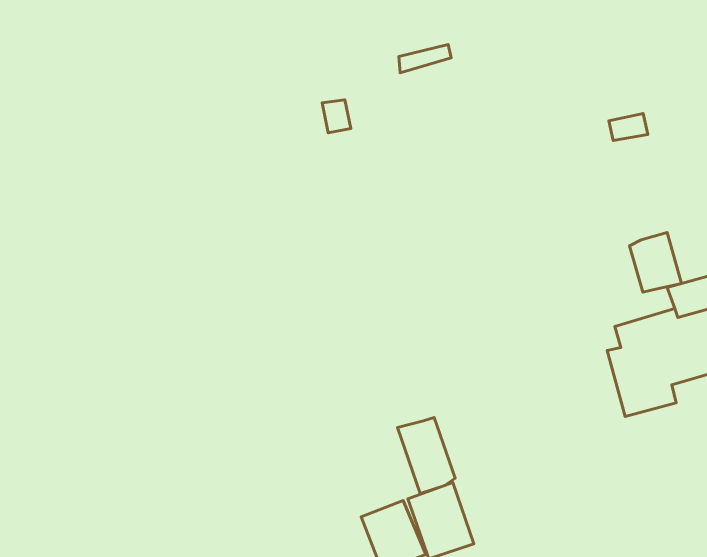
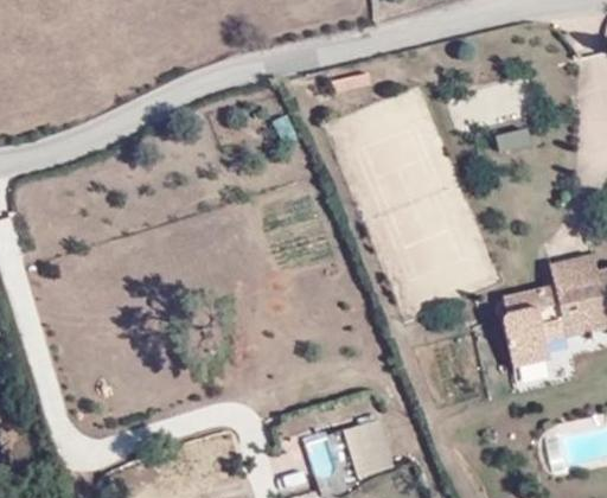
building: [630,233,681,292] -> none
building: [398,418,455,494] -> none

